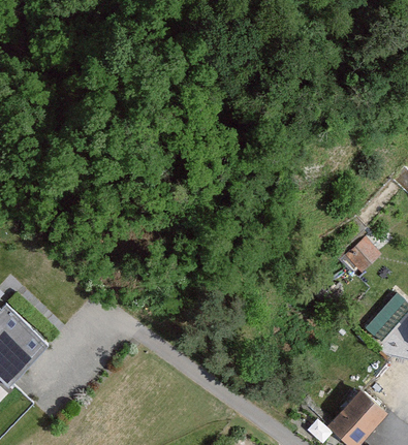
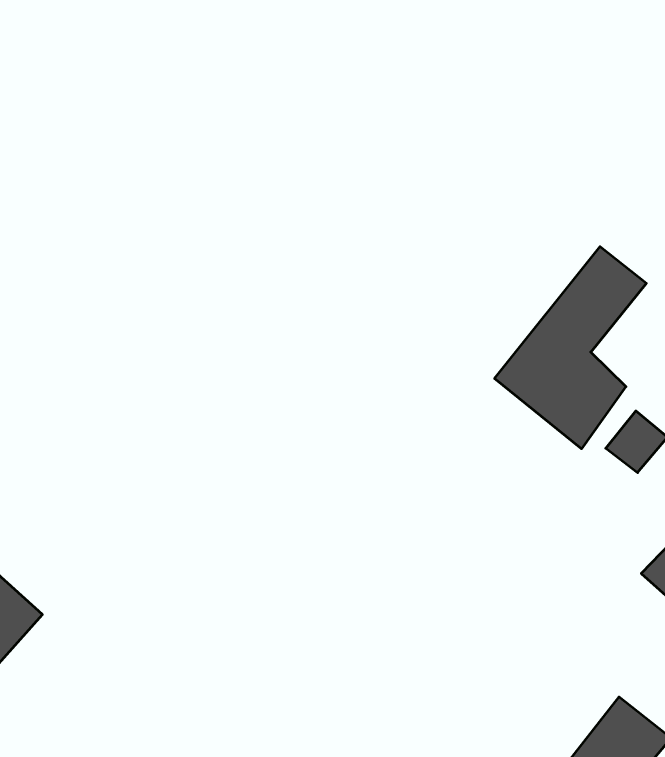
building: none -> [495,247,646,449]

